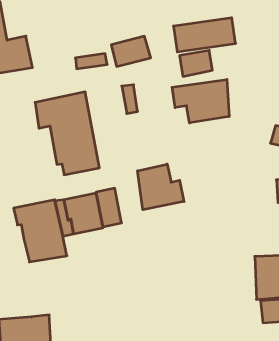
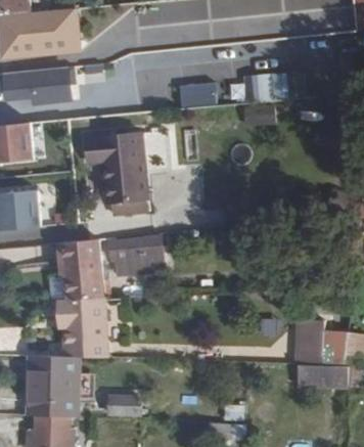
building: [172,79,229,123] -> none
building: [138,164,184,210] -> none
building: none -> [57,296,108,355]

